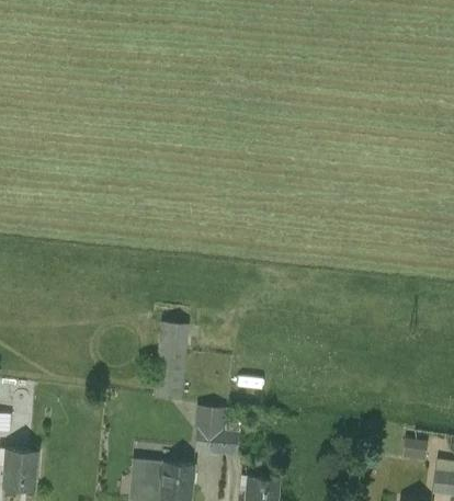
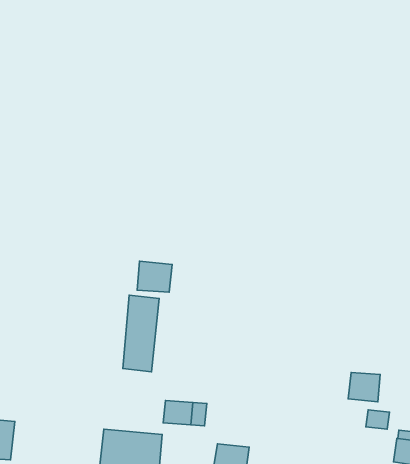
building: none -> [137,261,172,292]
building: none -> [348,373,380,402]
building: [195,406,226,432] -> none

